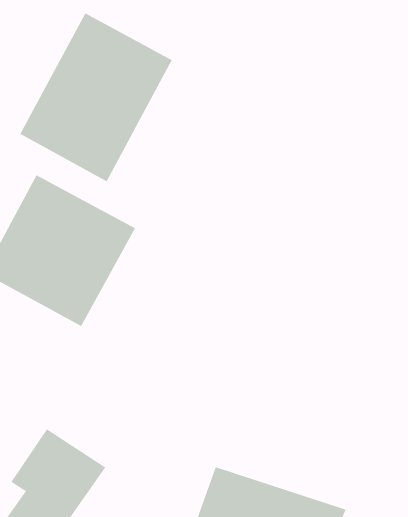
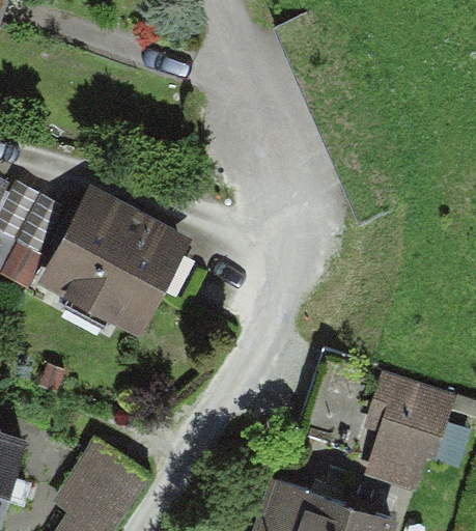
building: [19,13,172,182] -> none
building: none -> [353,370,453,491]

